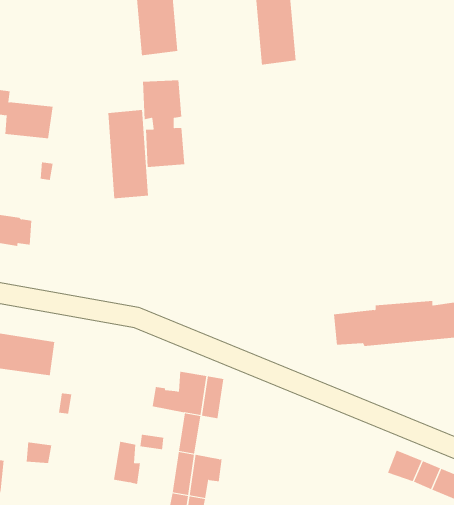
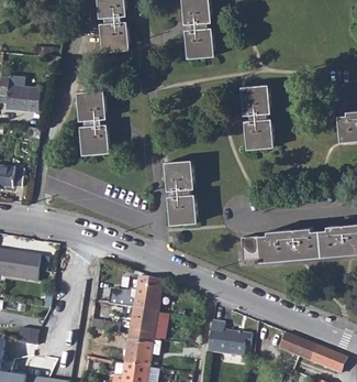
building: [142,80,185,168] -> [166,161,197,223]
building: none -> [241,85,272,149]
building: none -> [209,321,252,357]
building: [113,441,141,484] -> [141,309,160,340]

